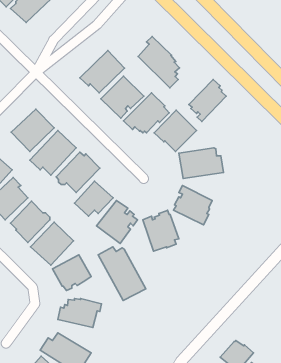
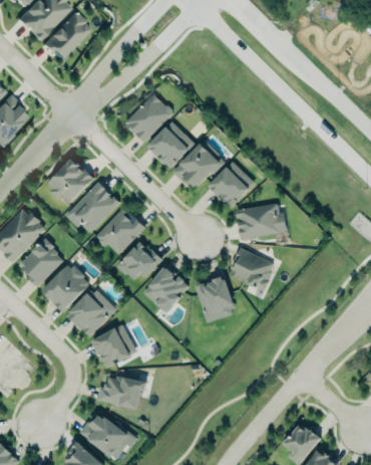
building: [138,37,179,88] -> none
building: [189,79,226,121] -> none
building: [98,247,146,301] -> none

